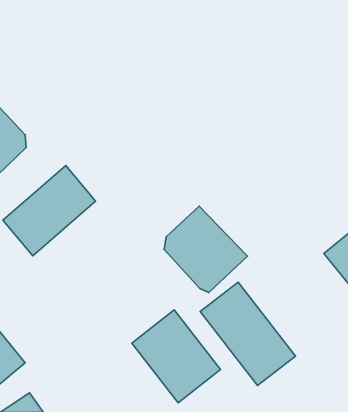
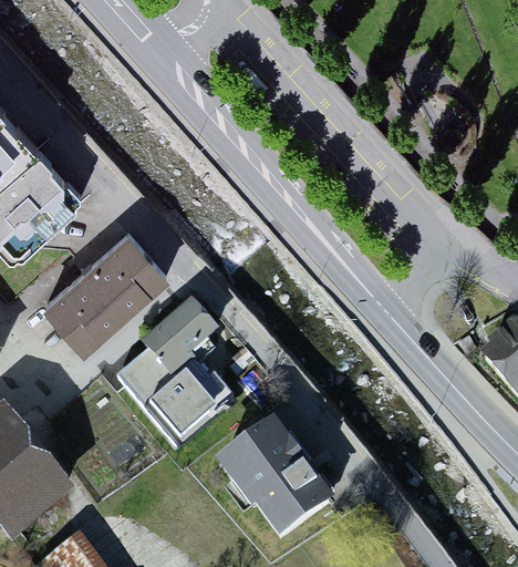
building: [164,206,247,292] -> none
building: none -> [121,293,228,441]
building: [200,282,295,385] -> none

